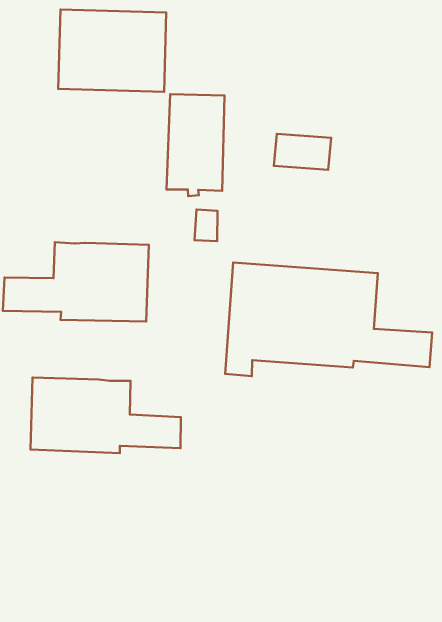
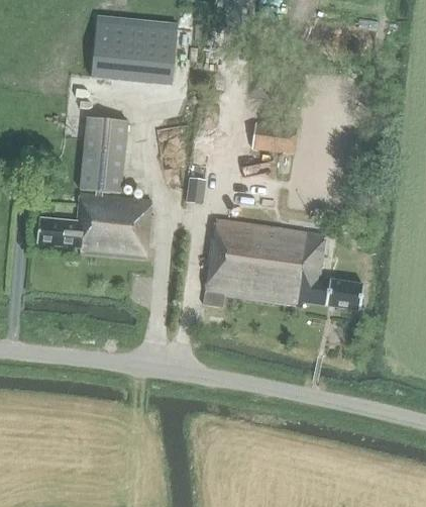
building: [167,94,225,196] -> [79,116,128,195]
building: [30,377,181,453] -> none

